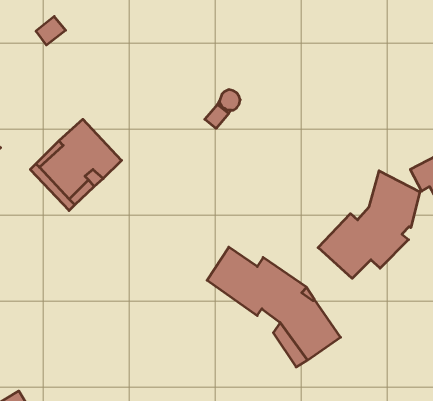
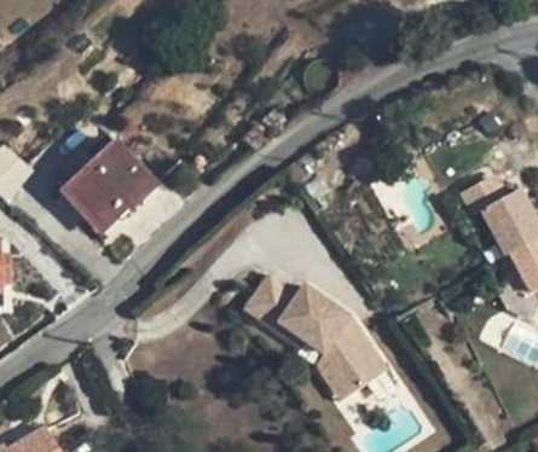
building: [318,171,420,278] -> none

